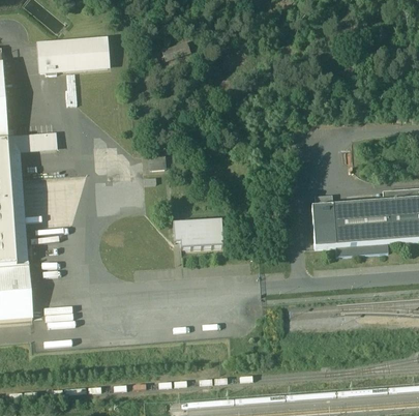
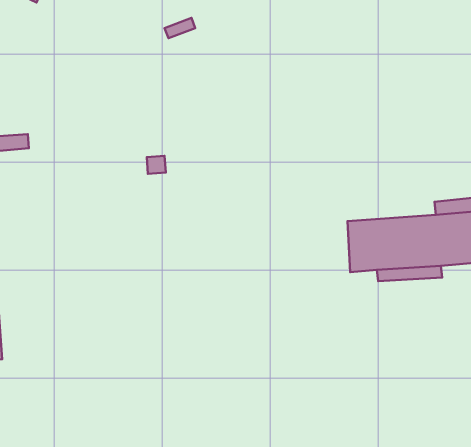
building: [38,37,110,70] -> none
building: [174,218,225,247] -> none

